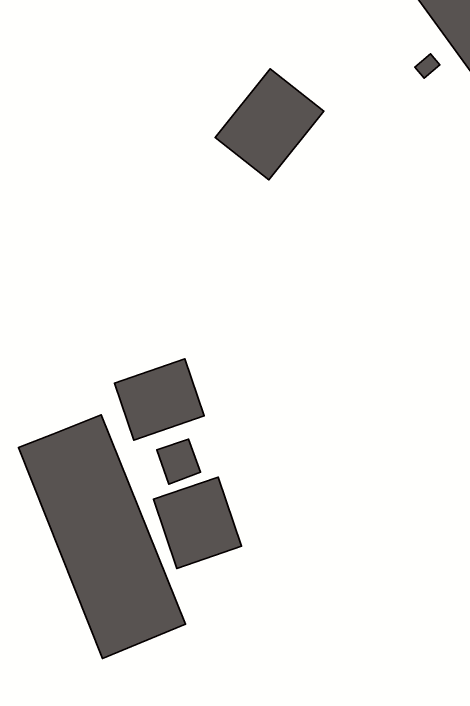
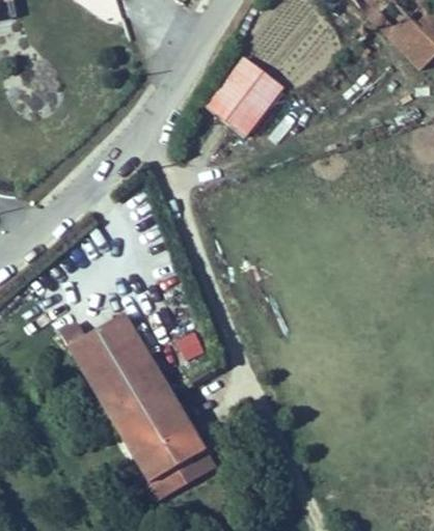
building: [115,359,204,440] -> none
building: [154,477,242,569] -> none

